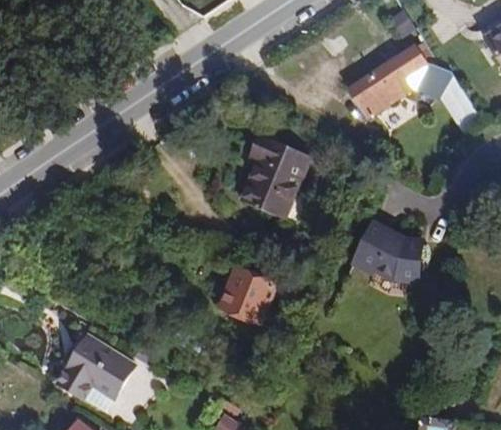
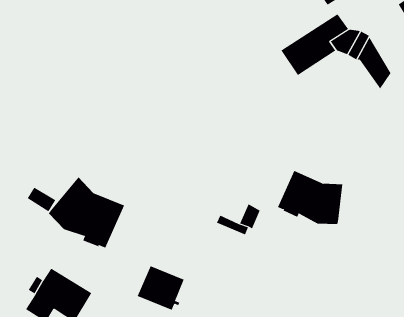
building: [239,134,311,219] -> none
building: none -> [48,177,125,249]
building: [220,270,274,321] -> [137,265,185,310]

